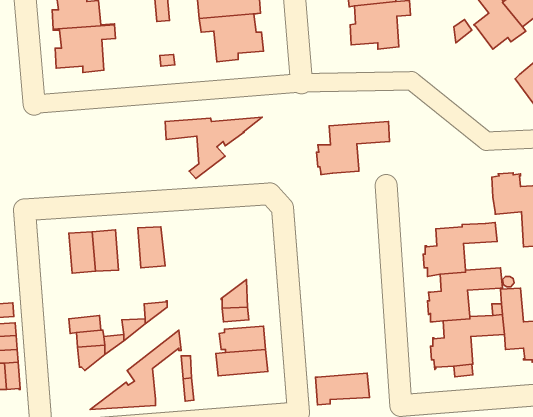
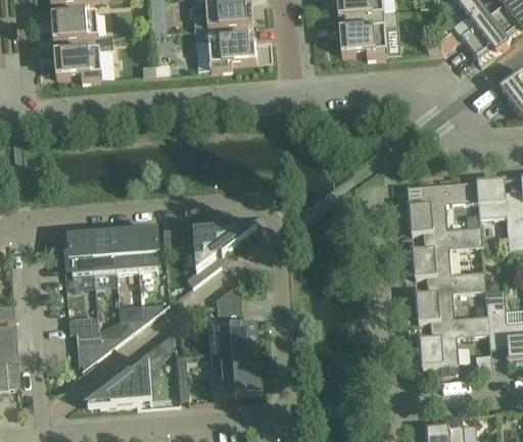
building: [165,117,262,179] -> [163,227,257,286]
building: [317,121,390,174] -> [408,183,478,234]
building: none -> [113,232,138,273]
building: [315,373,369,405] -> [210,371,263,401]

